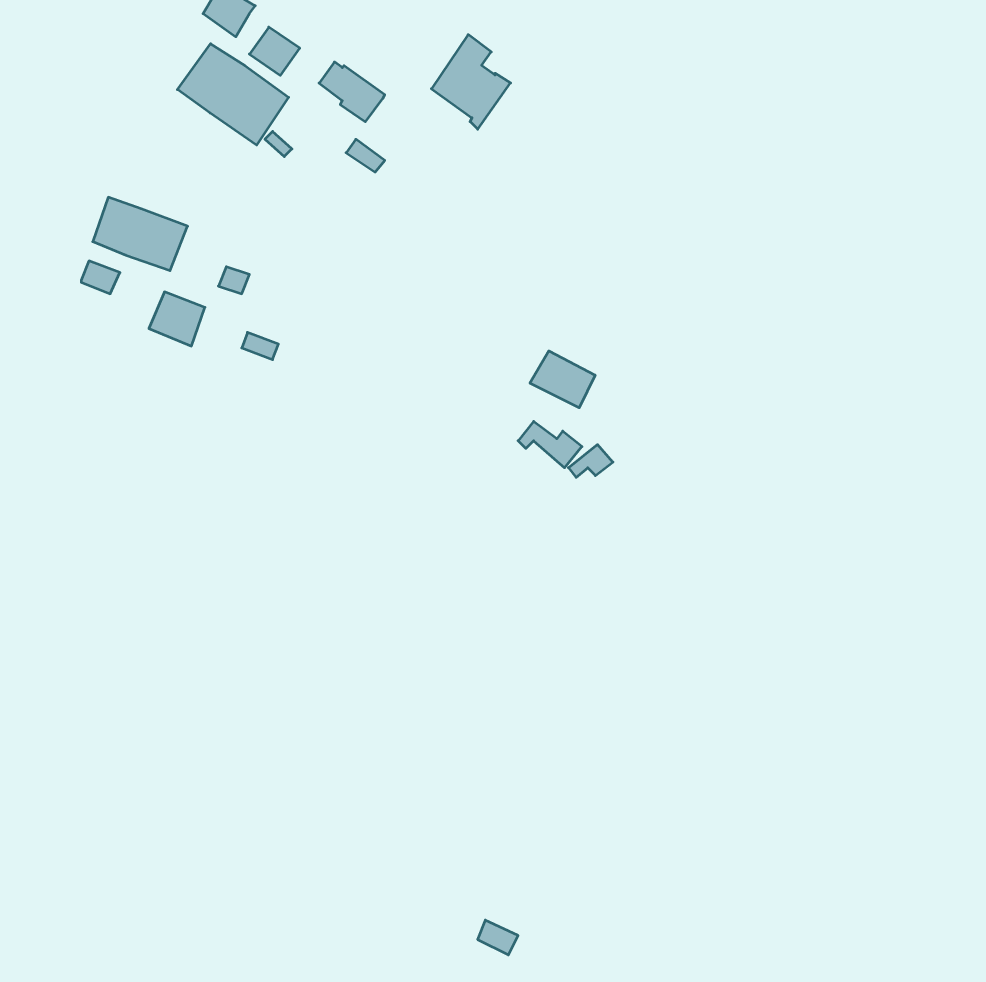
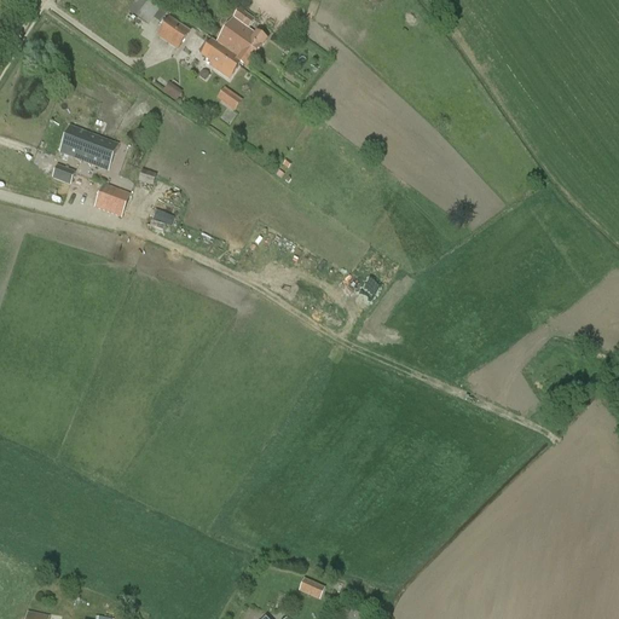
building: [431,35,511,129] -> [215,7,265,66]
building: [177,44,289,145] -> none
building: [530,351,595,408] -> none

